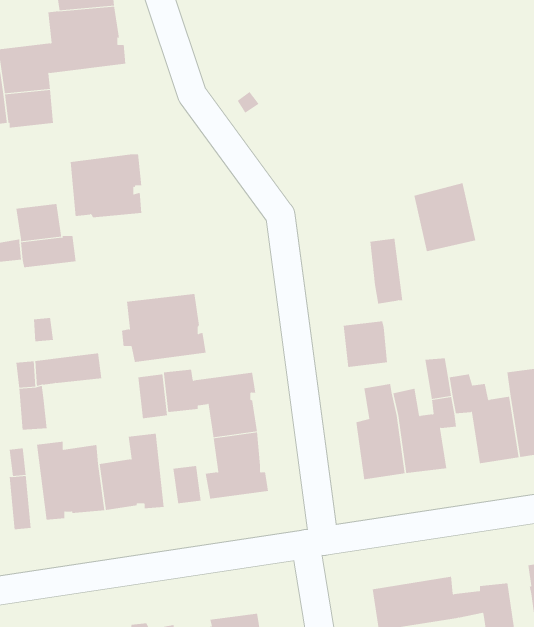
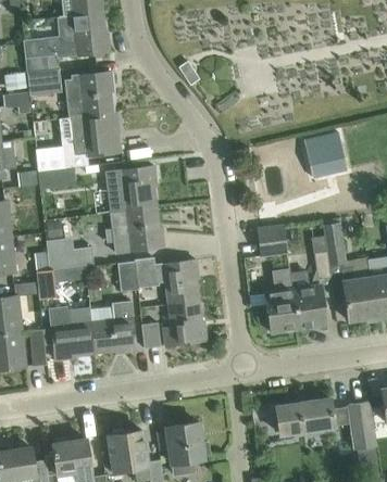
building: none -> [64,72,114,117]
building: none -> [107,166,157,212]
building: [369,238,403,304] -> [323,218,346,263]

